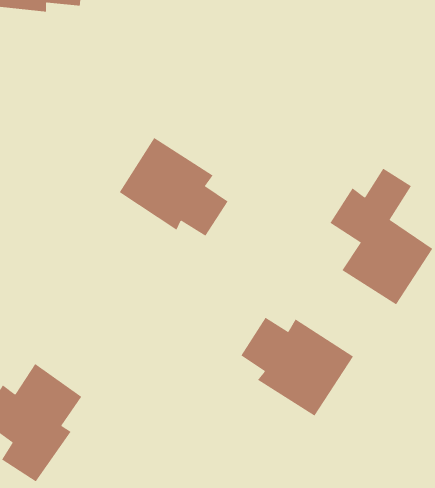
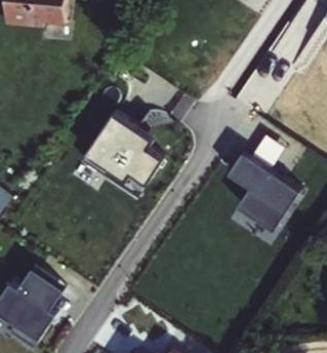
building: [241,317,354,416] -> none

